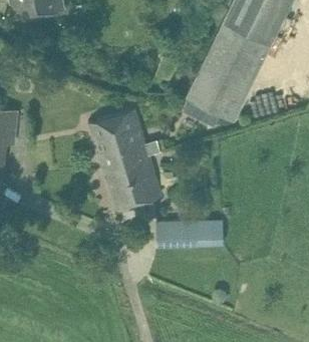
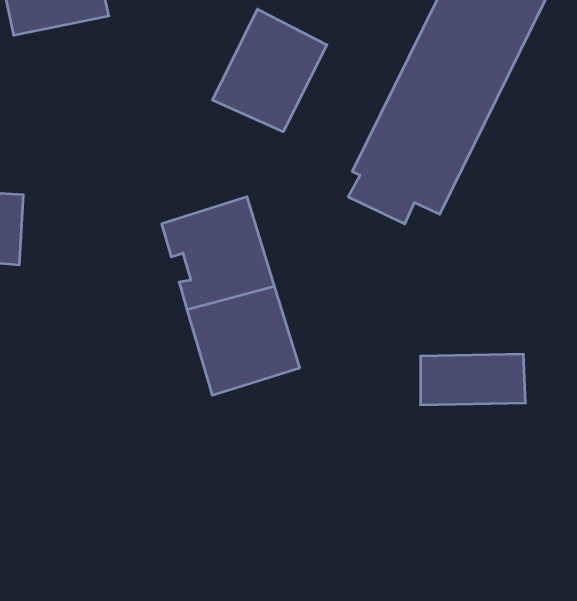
building: none -> [213,9,327,132]
building: [158,222,212,248] -> [420,354,526,405]

